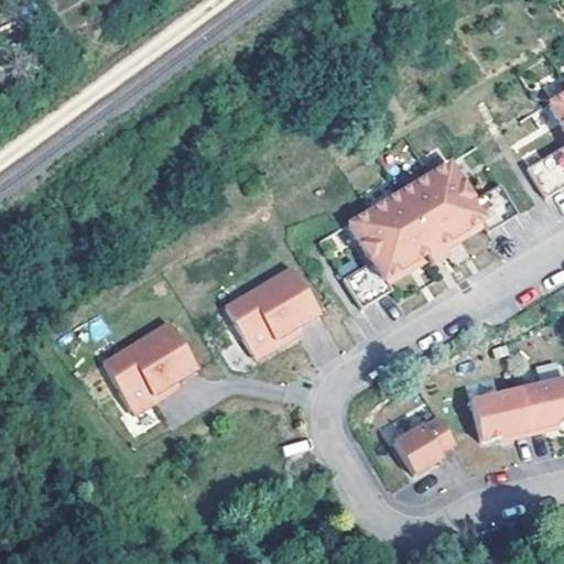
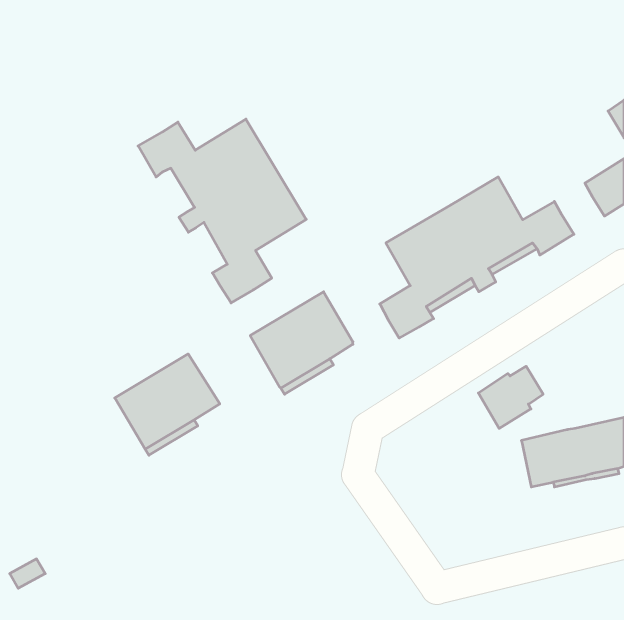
building: none -> [138,119,306,303]
building: [395,417,454,474] -> [478,366,543,428]

